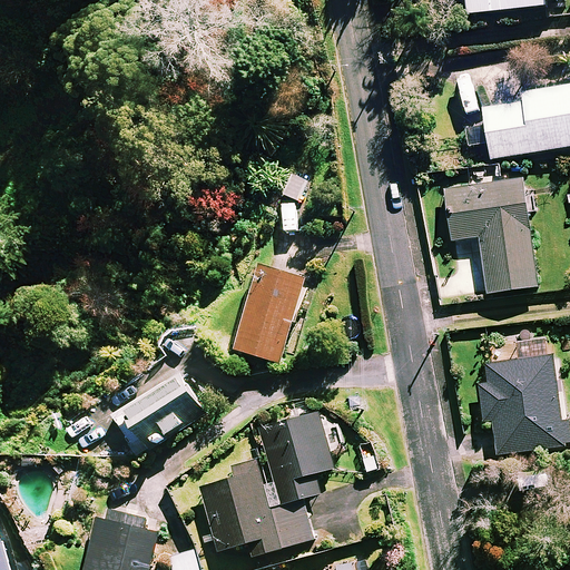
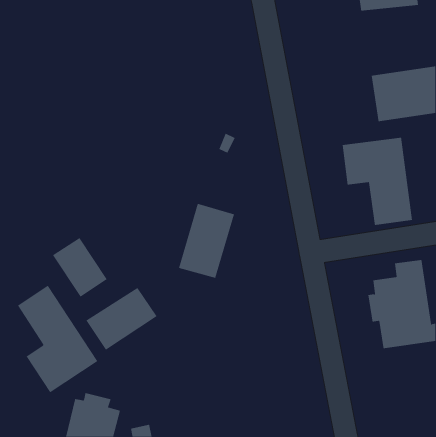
building: none -> [52,237,108,298]
building: none -> [17,285,98,393]
building: [200,410,343,556] -> none

